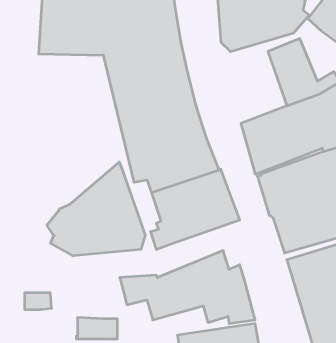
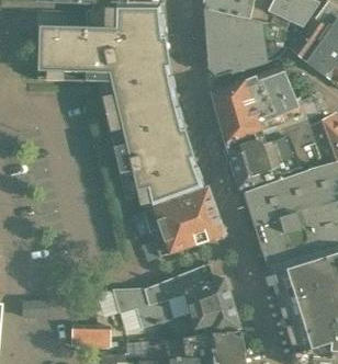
building: none -> [212,77,269,144]
building: [47,162,145,256] -> none

